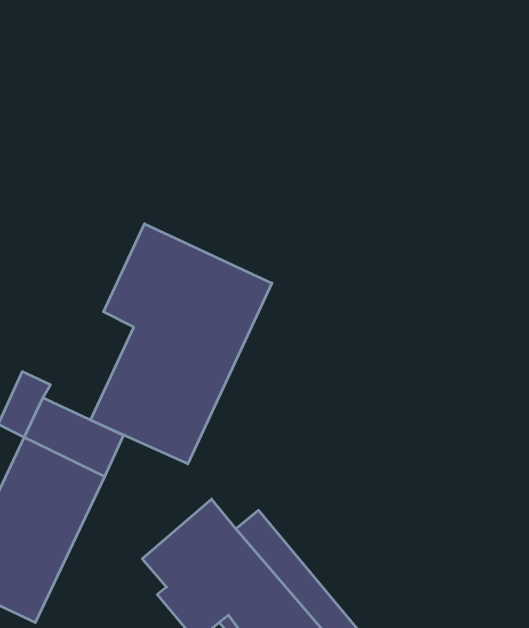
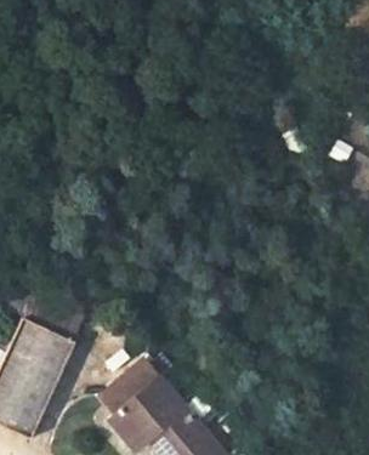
building: [91,224,272,464] -> none

